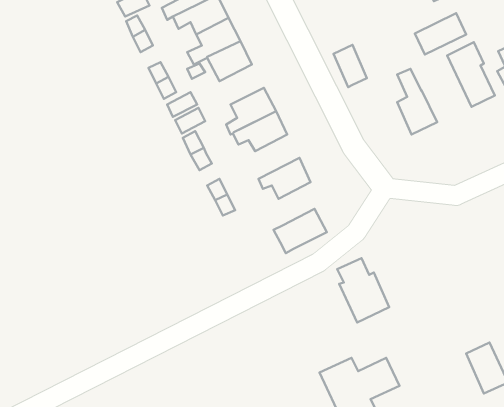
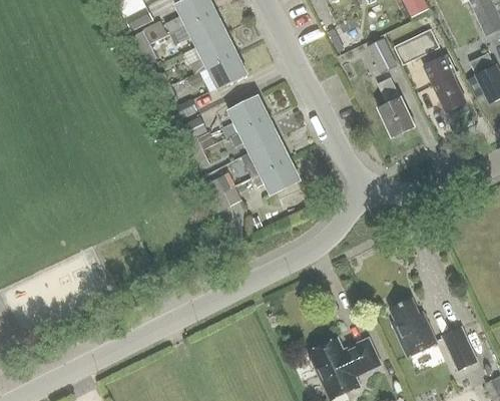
building: [334,45,367,87] -> [367,36,397,74]
building: [274,209,327,253] -> [241,137,290,177]
building: [337,258,389,323] -> [389,299,436,357]

